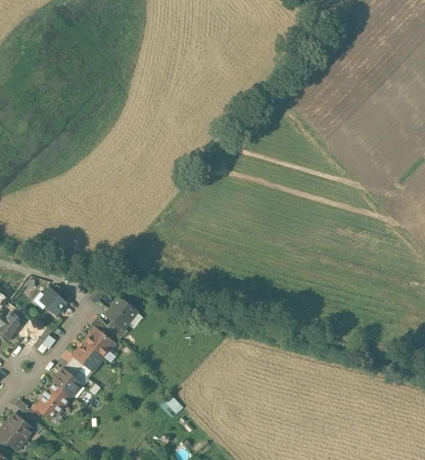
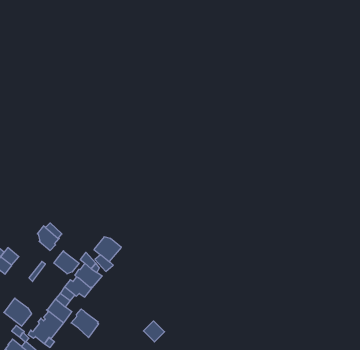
building: none -> [54,251,79,274]
building: none -> [4,298,32,326]
building: none -> [71,309,99,338]

